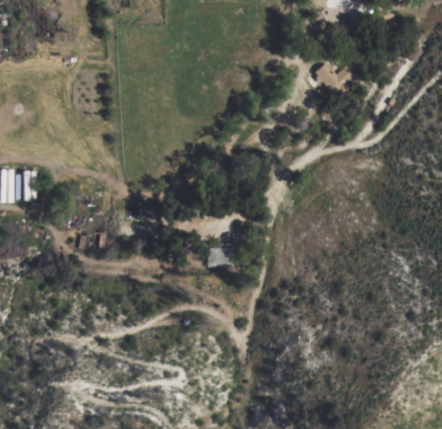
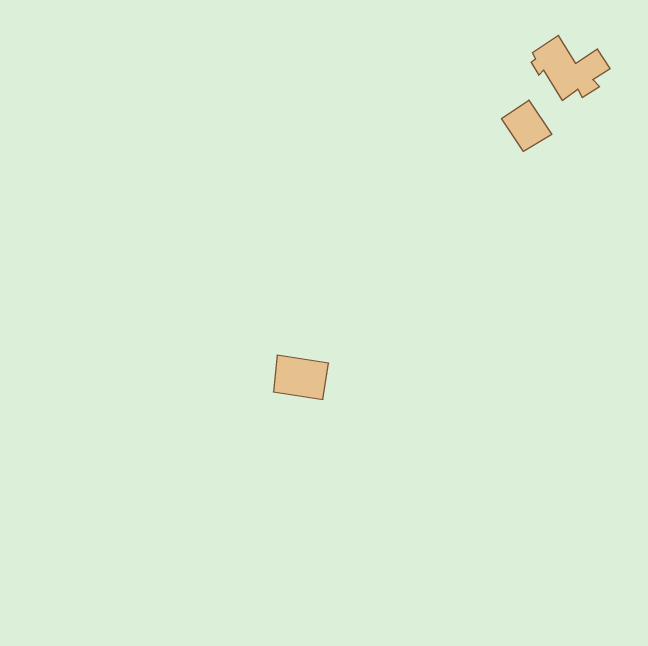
building: none -> [502,100,552,151]

